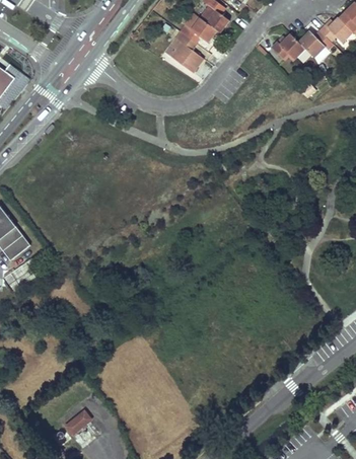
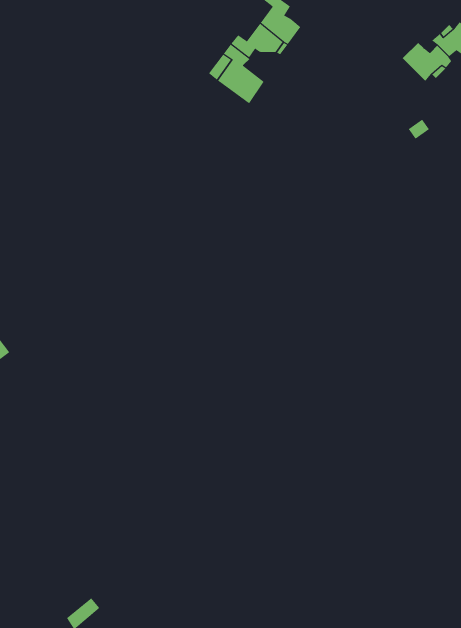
building: [272,34,305,60] -> none

